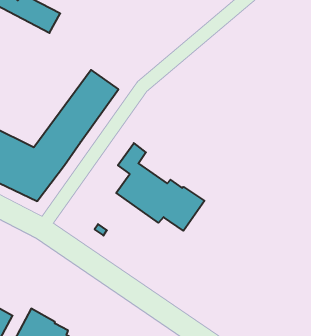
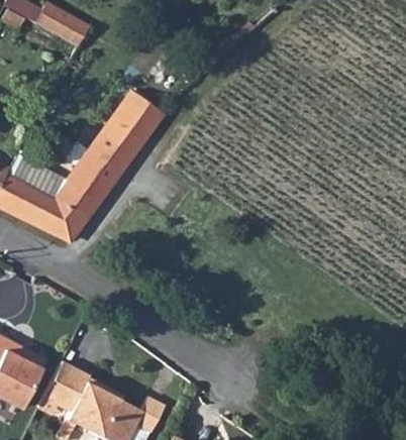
building: [116,143,204,231] -> none

